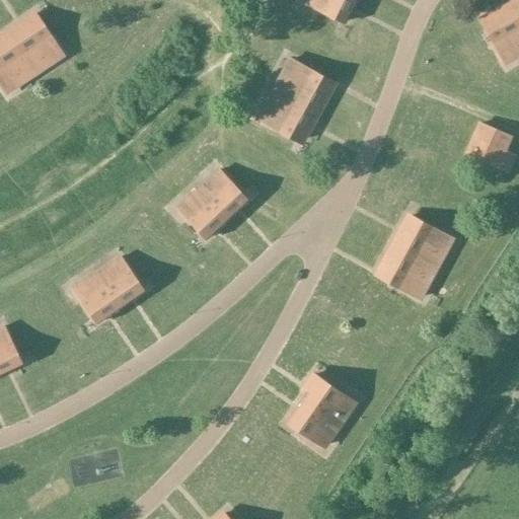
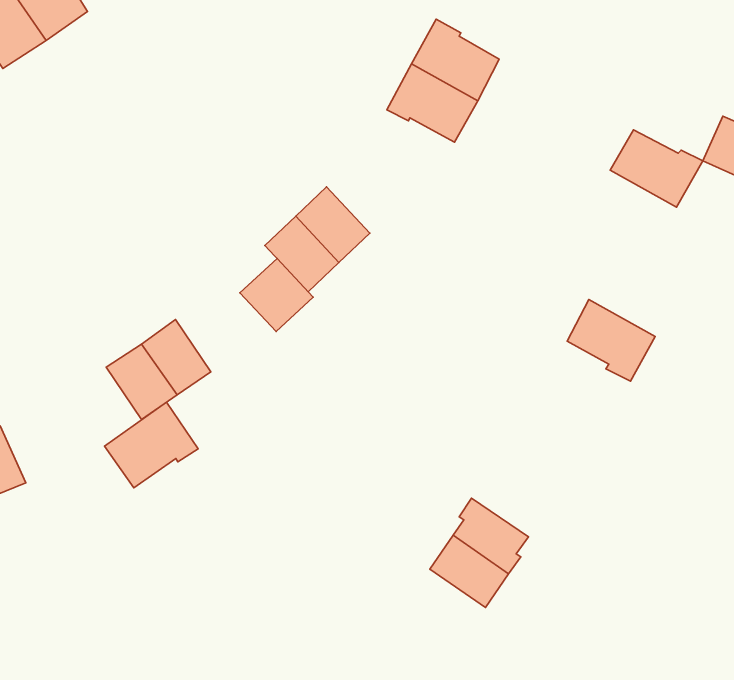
building: none -> [240,258,313,332]
building: [391,217,452,268] -> [610,130,703,207]
building: none -> [105,402,198,488]

